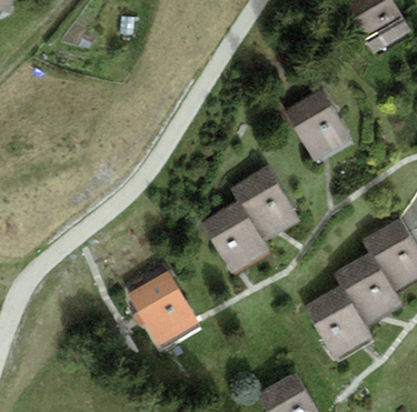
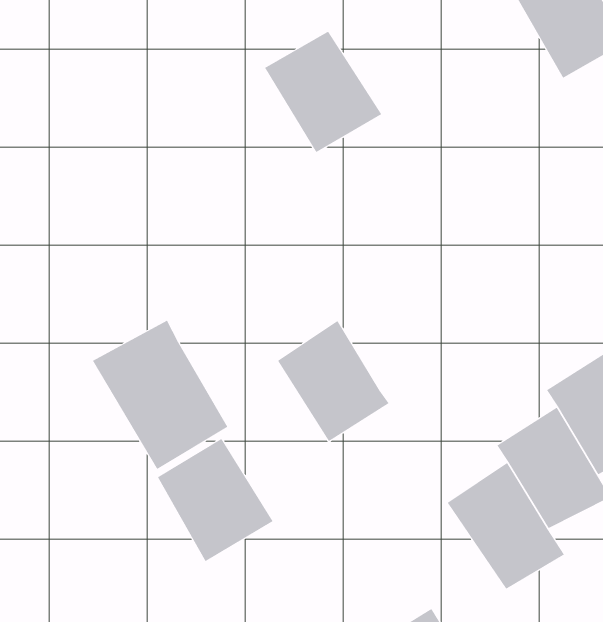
building: [282,89,354,162] -> [264,31,382,153]
building: [230,165,298,241] -> none
building: none -> [92,320,228,470]

